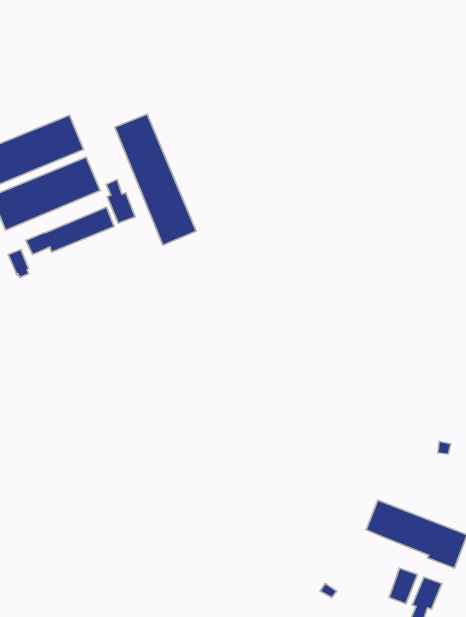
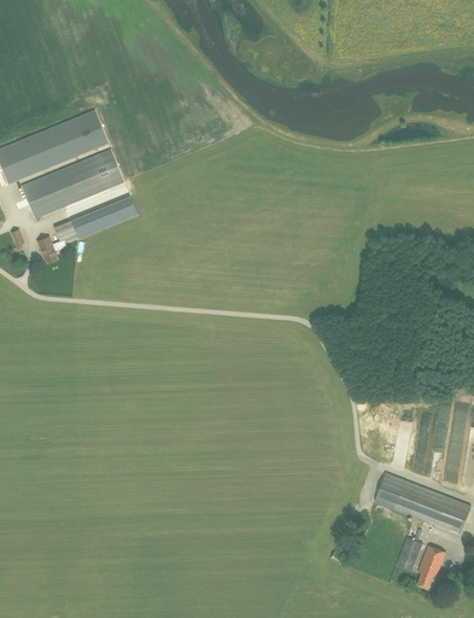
building: [115,114,196,245] -> none
building: [106,180,135,223] -> none

